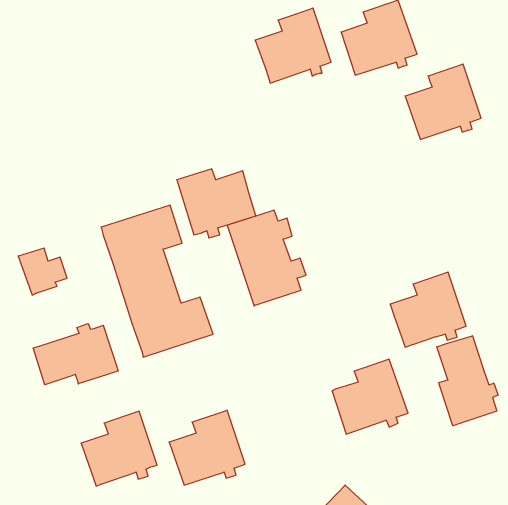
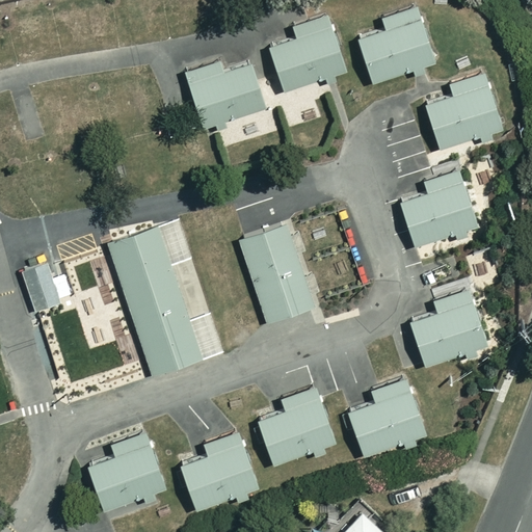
building: none -> [401,170,479,247]
building: [177,169,256,238] -> [184,60,266,132]
building: [33,324,118,385] -> none
building: [437,336,498,426] -> none
building: none -> [258,388,337,466]

